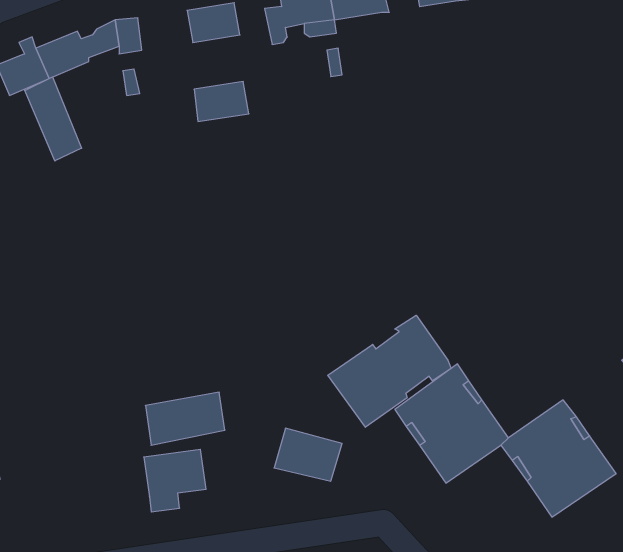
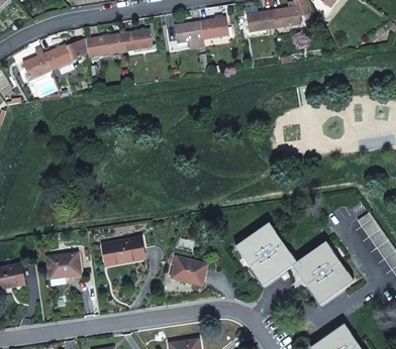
building: [25,77,82,161] -> none
building: [194,82,249,121] -> [98,33,127,54]
building: [328,315,451,427] -> none
building: [144,449,206,512] -> [46,252,80,285]

